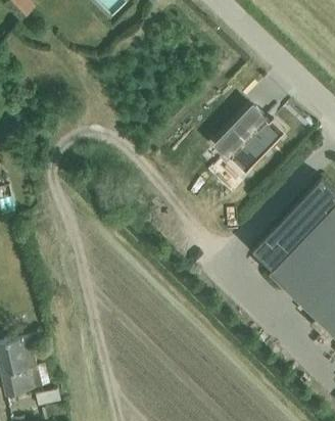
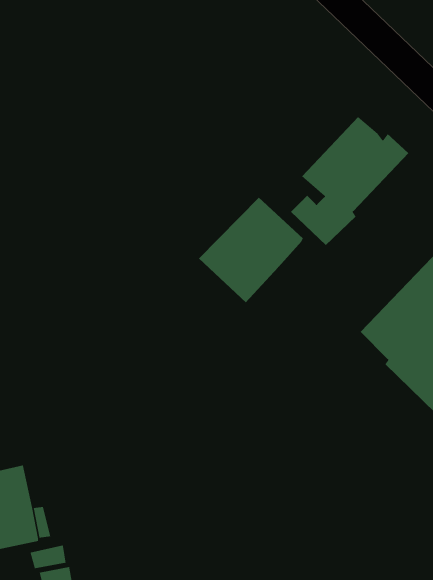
building: none -> [198,197,304,303]

